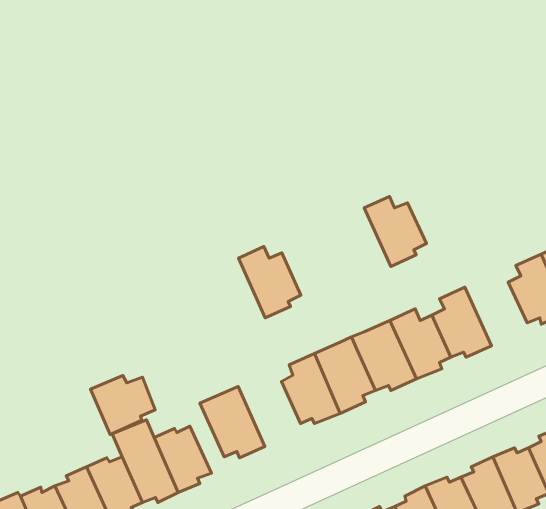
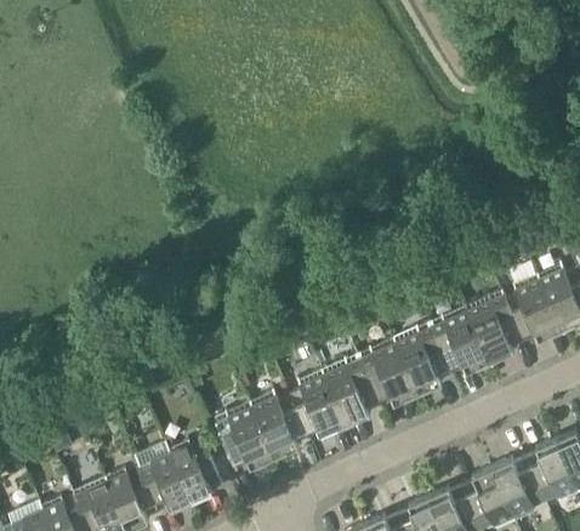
building: [364,196,426,266] -> [465,293,524,360]
building: [238,247,301,318] -> [249,388,308,456]
building: [90,375,155,435] -> none

